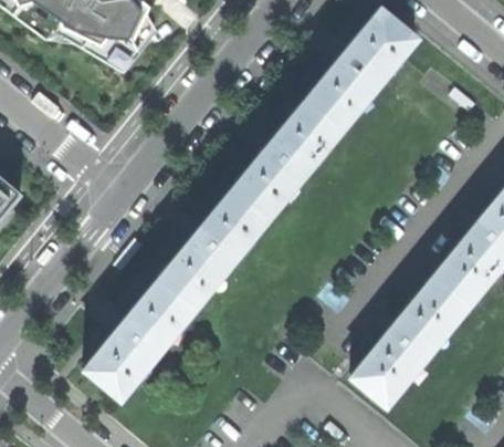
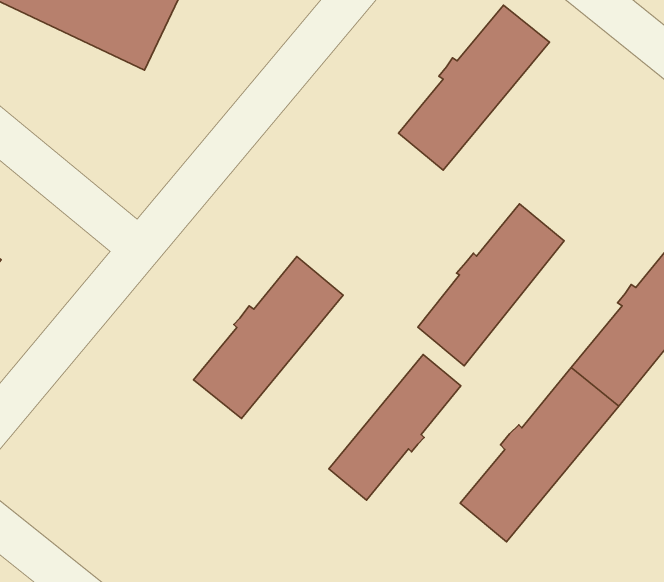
building: [237,104,342,220] -> [418,204,564,366]
building: none -> [329,354,461,500]
building: [90,281,197,398] -> none

